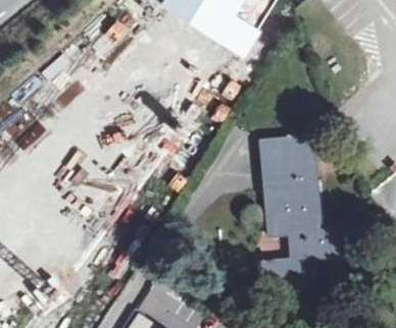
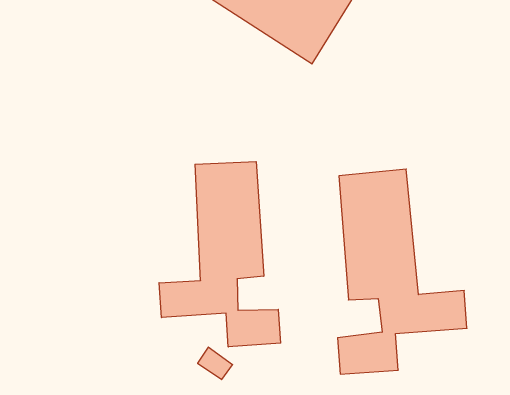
building: none -> [159,162,281,347]

